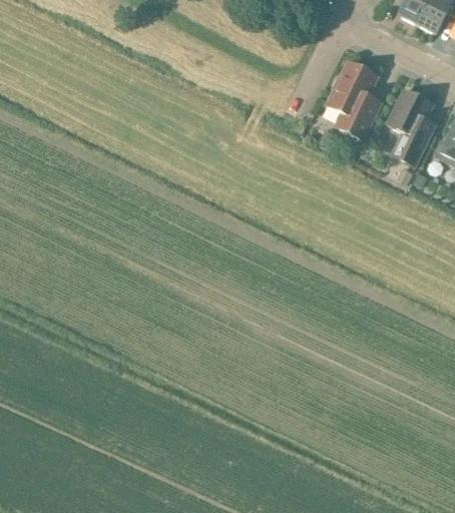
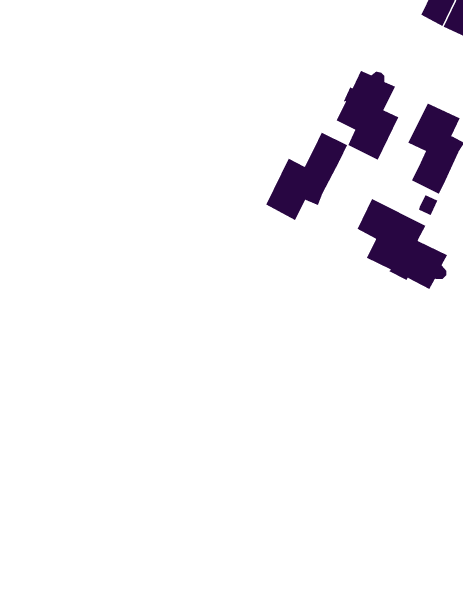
building: none -> [266,132,348,221]
building: none -> [357,198,448,290]

